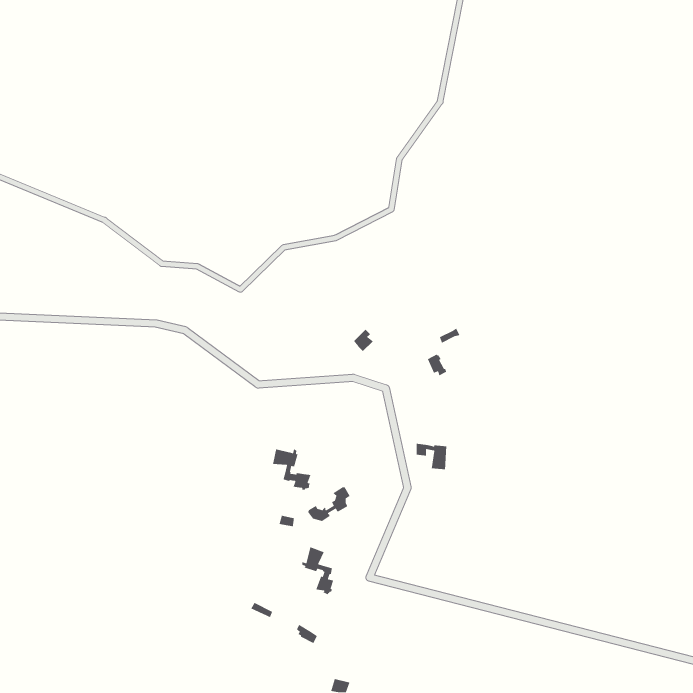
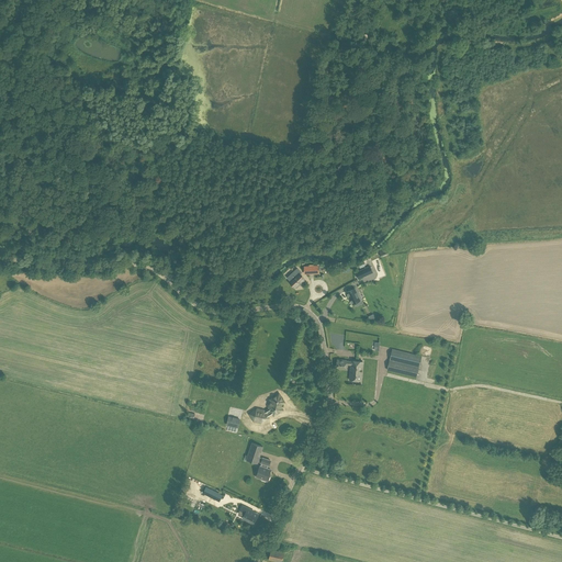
building: none -> [385,348,420,375]
building: [272,448,312,490] -> none

